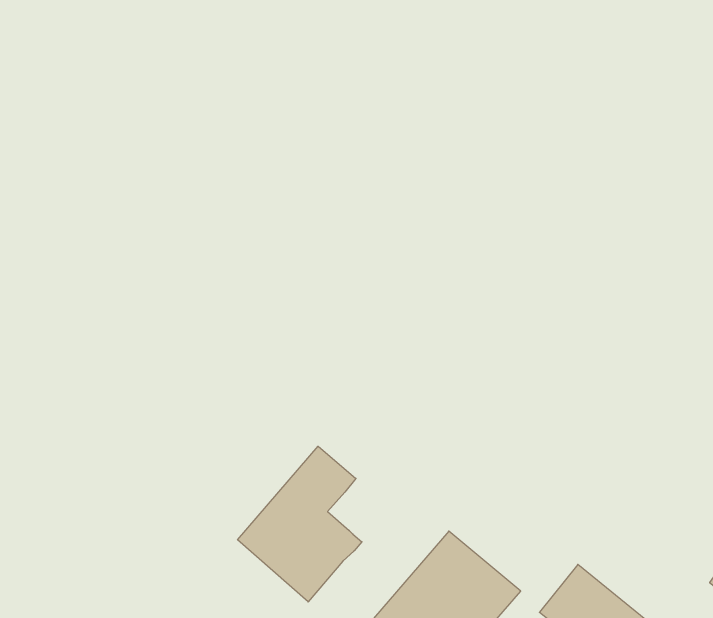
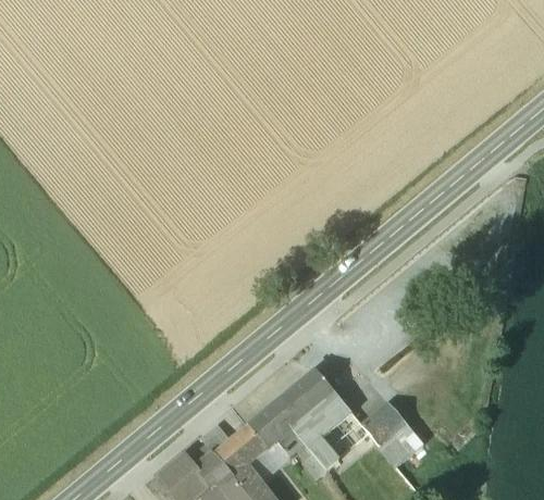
building: [238,446,362,602] -> none

